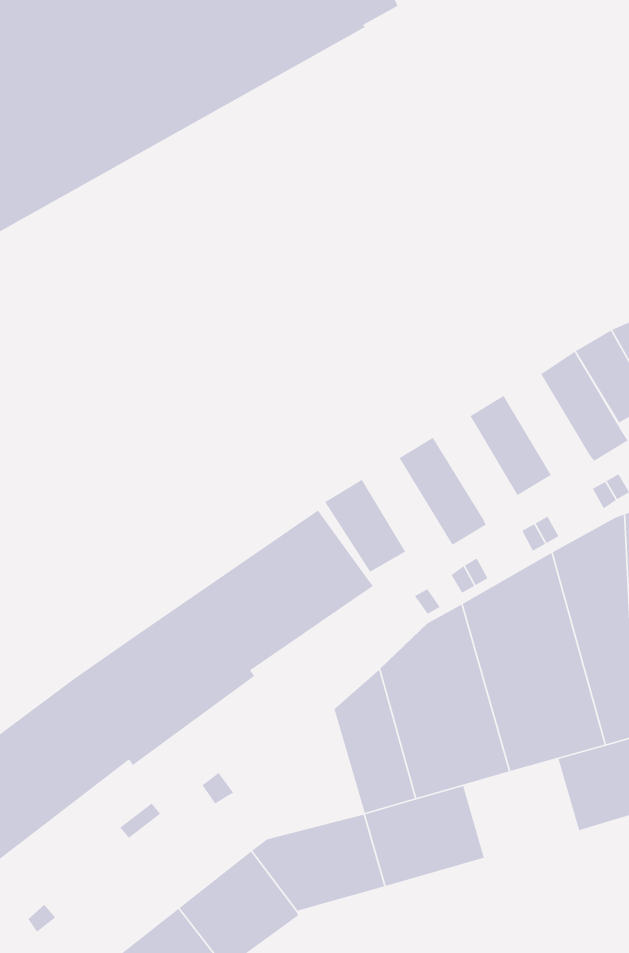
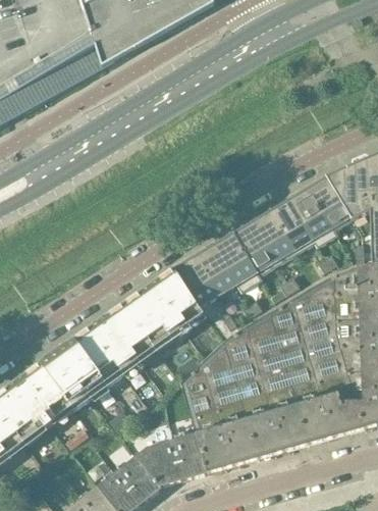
building: none -> [271,200,316,254]
building: none -> [233,222,278,276]
building: none -> [196,245,238,295]
building: none -> [250,405,311,458]

